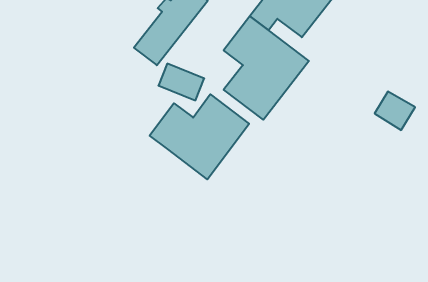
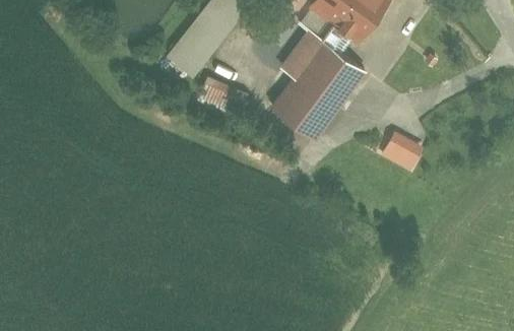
building: [375,92,415,130] -> [382,131,429,176]
building: [150,94,249,179] -> none

